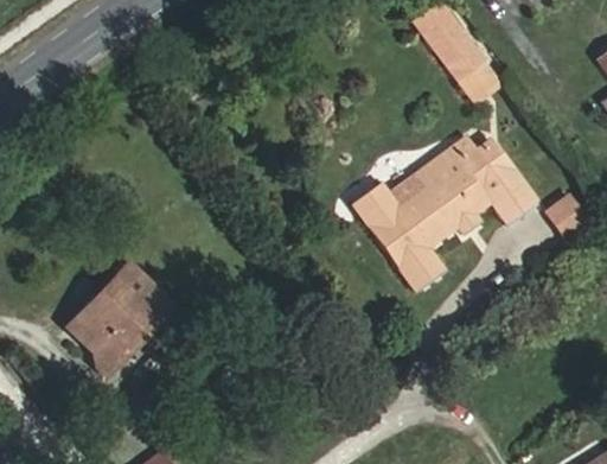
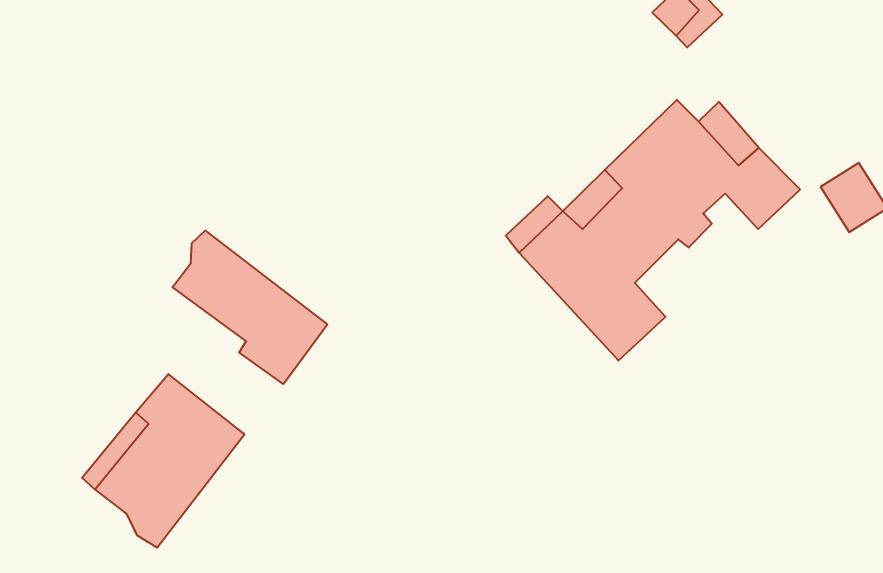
building: none -> [172,231,327,384]

